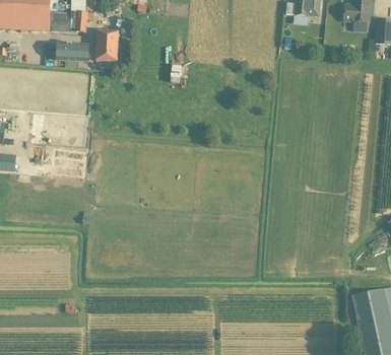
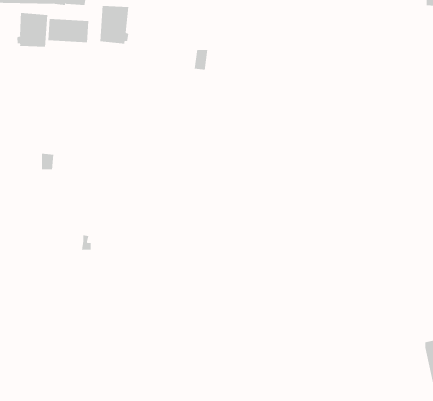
building: none -> [17,12,48,48]

